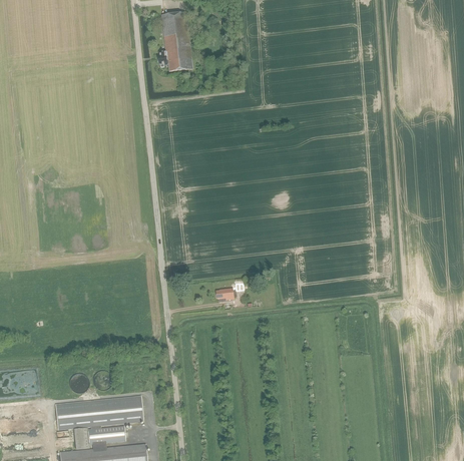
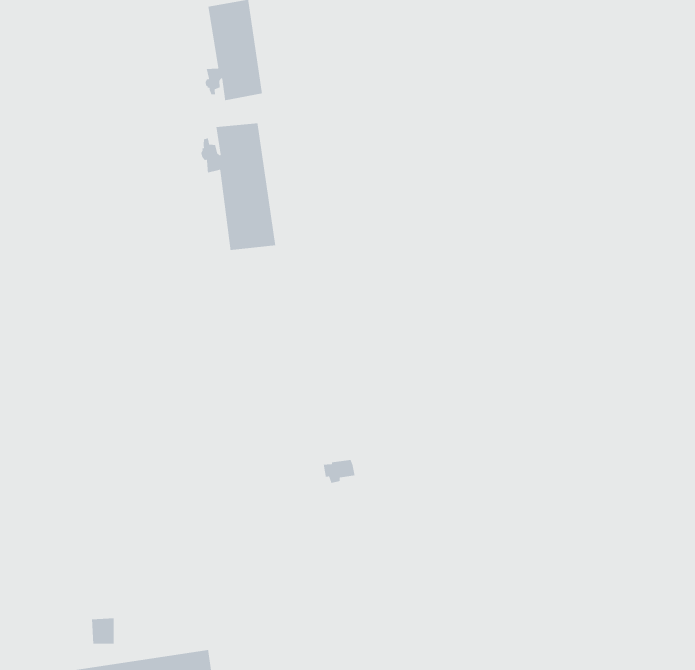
building: none -> [201,123,276,251]

